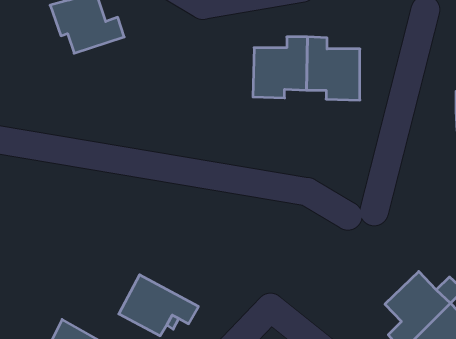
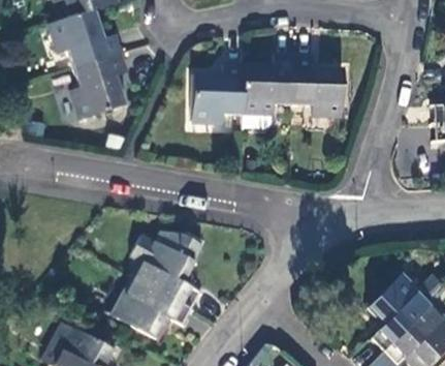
building: none -> [72,55,126,121]
building: none -> [190,64,243,118]
building: none -> [129,233,202,310]

